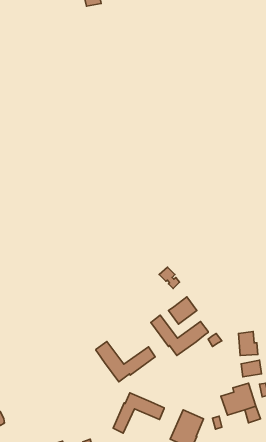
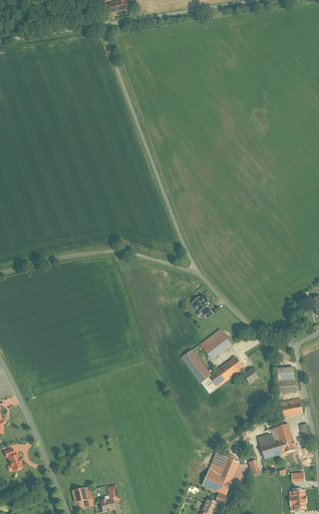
building: [96,341,155,382] -> none
building: [113,393,164,433] -> none

